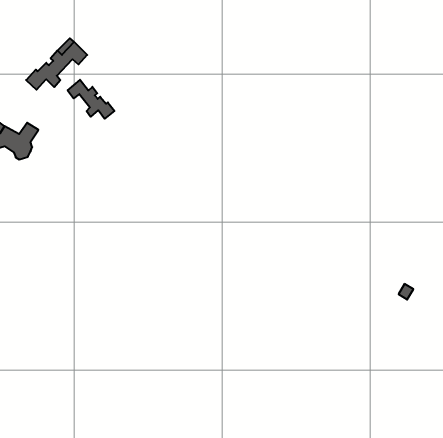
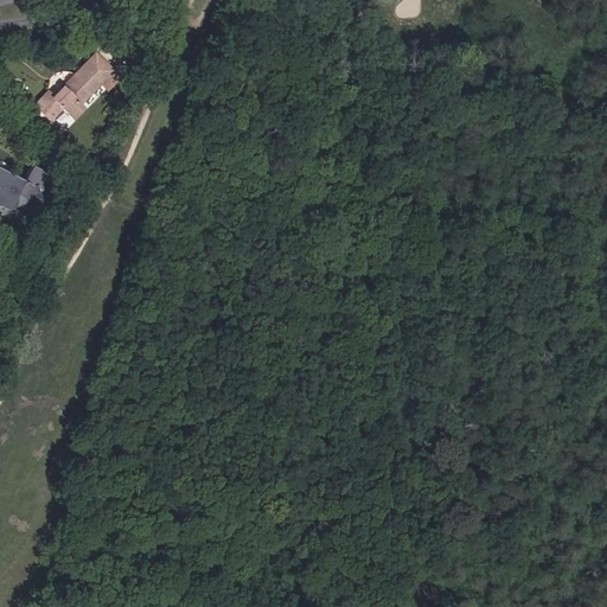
building: [68,80,114,119] -> none

